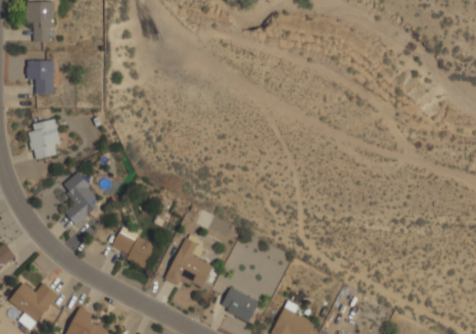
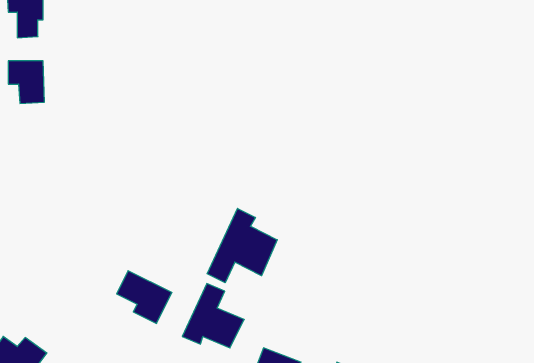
building: [29,120,60,160] -> none
building: [62,174,102,226] -> none
building: none -> [207,208,277,283]

